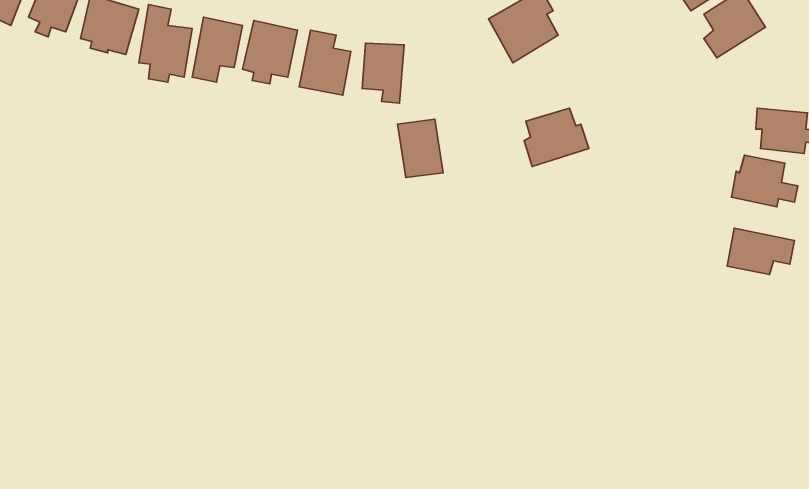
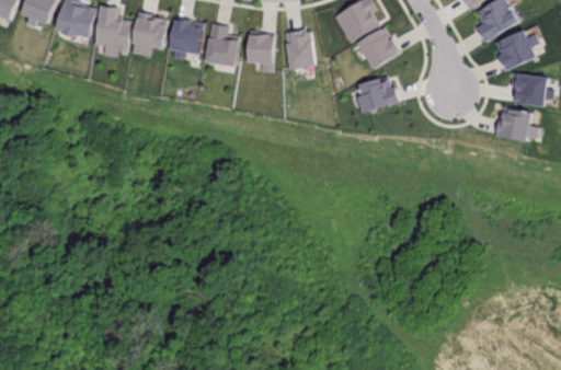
building: none -> [356,25,401,70]
building: none -> [494,30,541,69]
building: [398,119,443,178] -> [284,28,314,68]
building: [727,228,794,275] -> none

